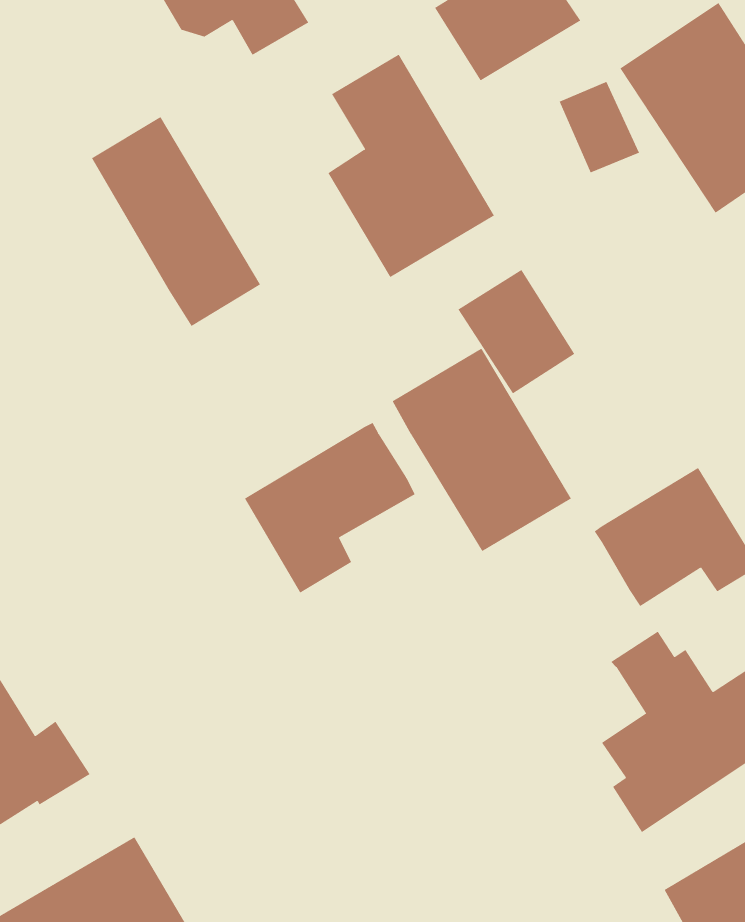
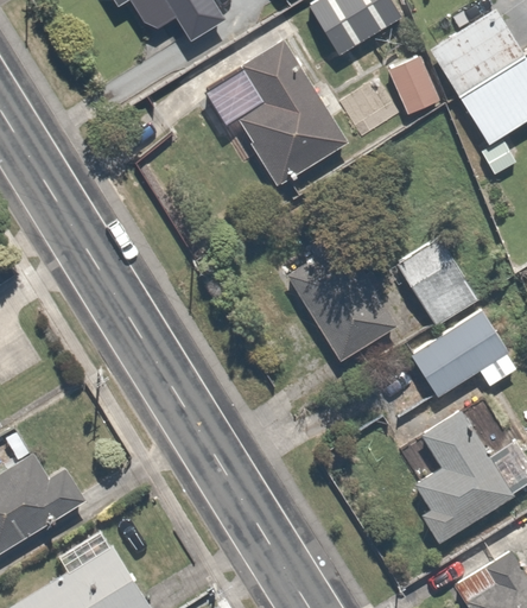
building: [91,116,261,327] -> none
building: [457,269,575,394] -> [401,243,477,324]
building: [244,422,416,593] -> none

